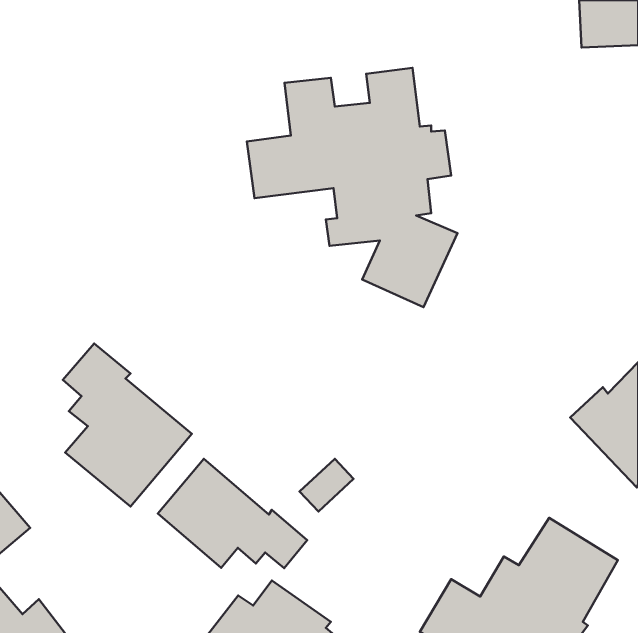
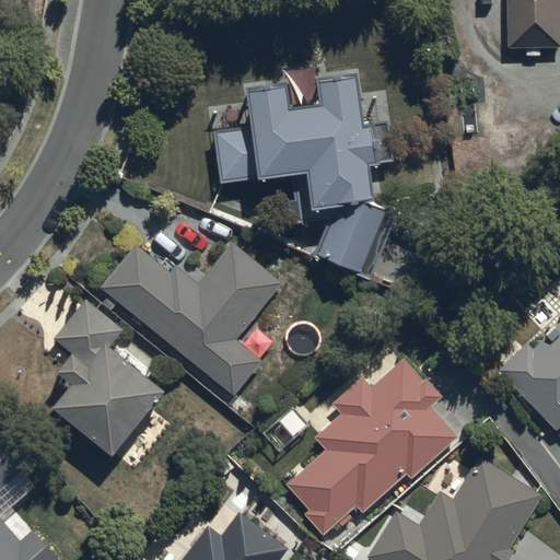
building: none -> [100,244,281,398]
building: none -> [285,359,457,537]
building: [158,459,307,568] -> none

